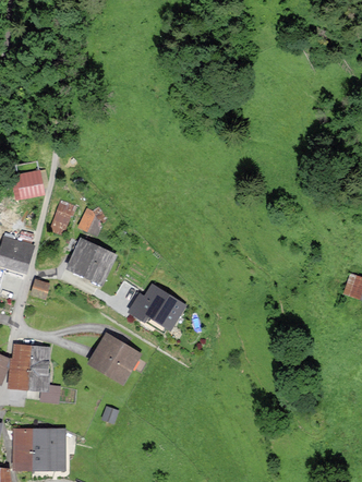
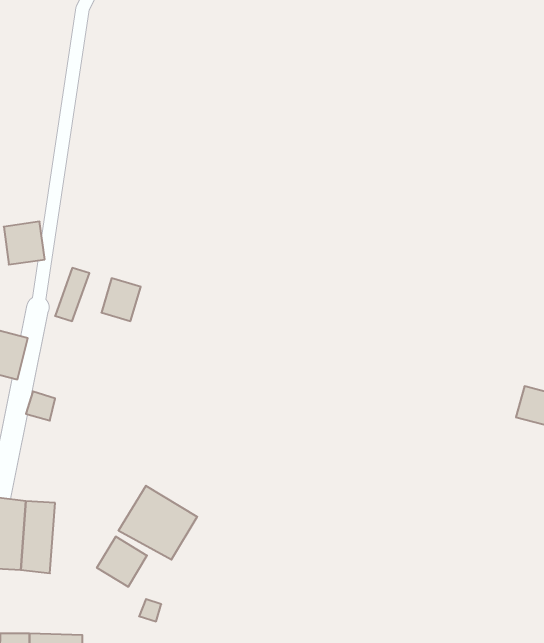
building: [65,236,116,281] -> none
building: [130,286,184,328] -> none
building: none -> [97,536,147,587]

